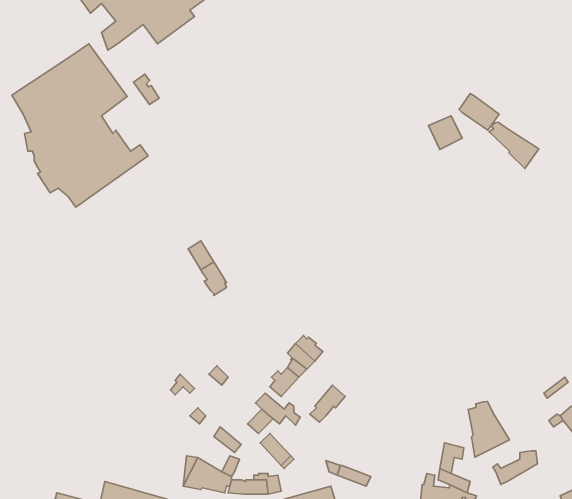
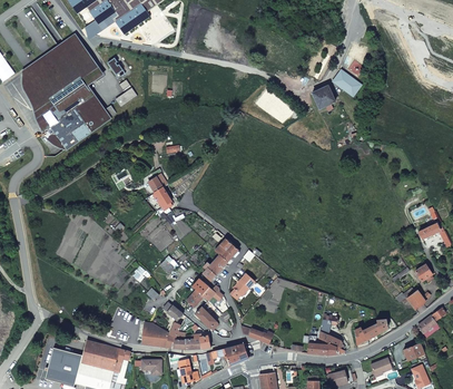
building: [489,122,539,169] -> none
building: [468,402,509,457] -> none

